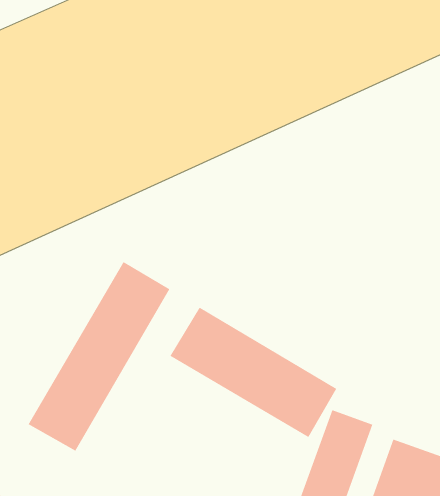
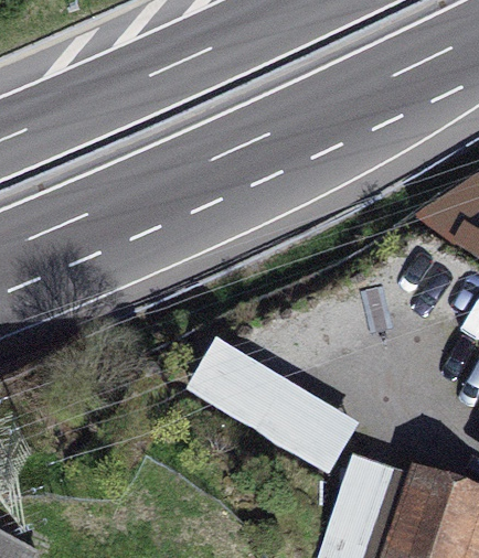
building: [28,261,170,452] -> none

